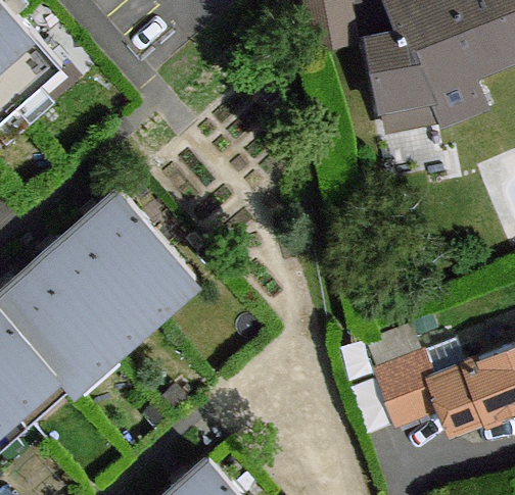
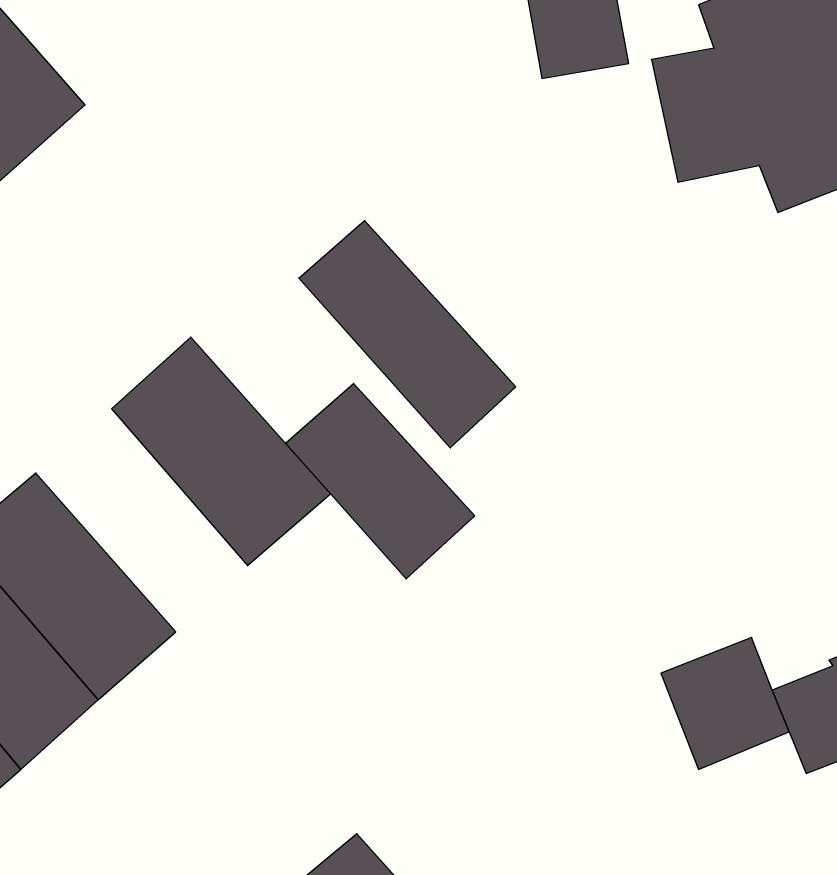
building: none -> [299,221,516,448]
building: none -> [285,383,475,579]
building: [34,230,148,350] -> none

